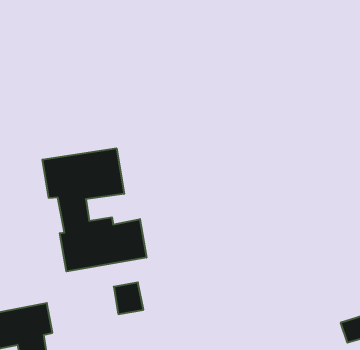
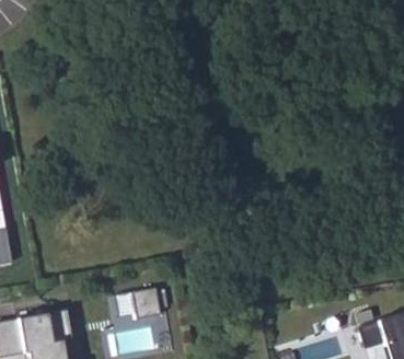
building: [42,148,146,271] -> none

